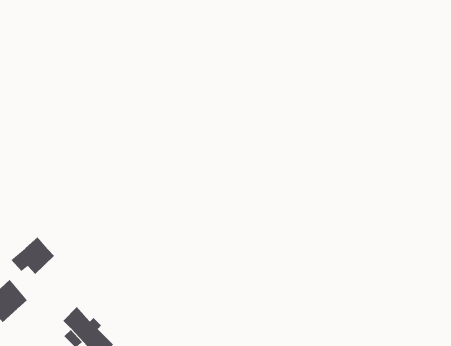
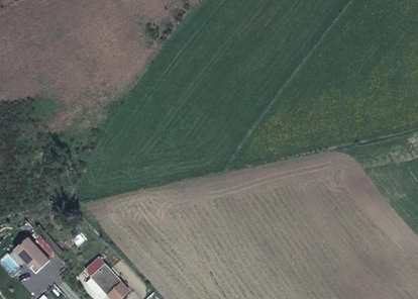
building: [11,237,55,275] -> none

